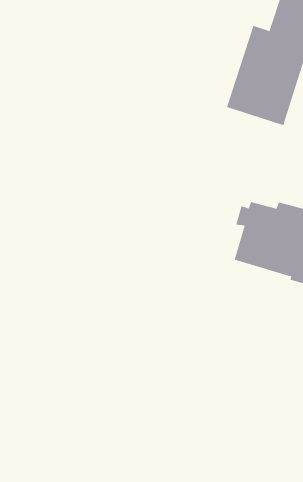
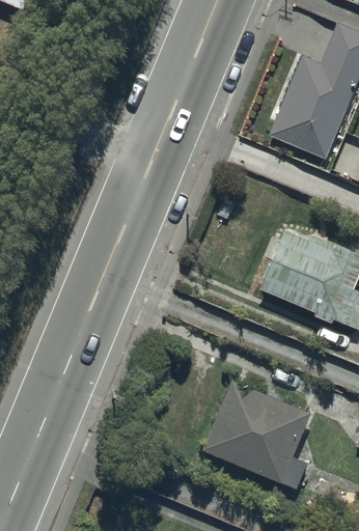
building: none -> [201,382,311,490]

